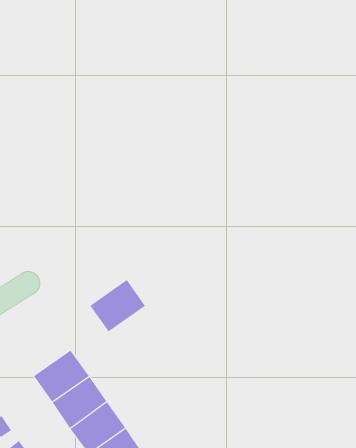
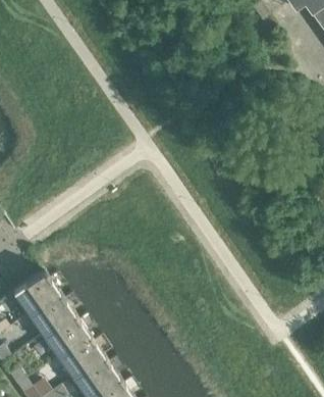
building: [89,279,146,332] -> [14,272,60,315]

